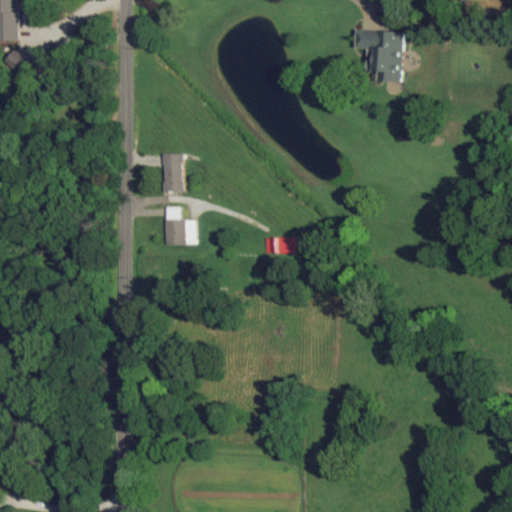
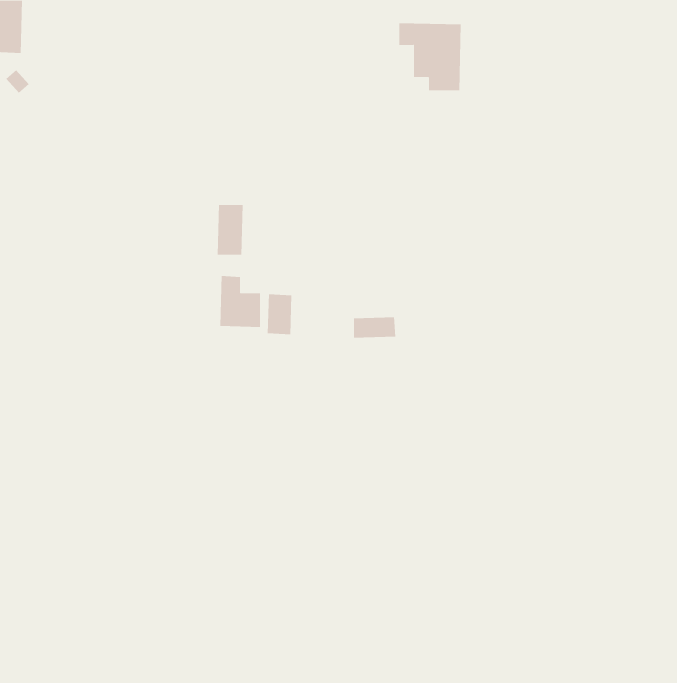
building: [354,30,401,81] -> [399,23,461,91]
building: none -> [267,294,292,335]

